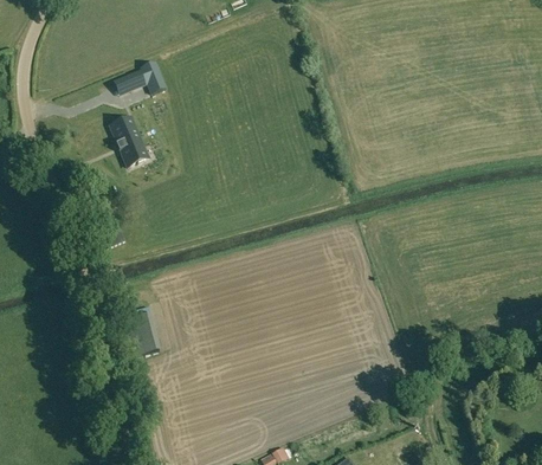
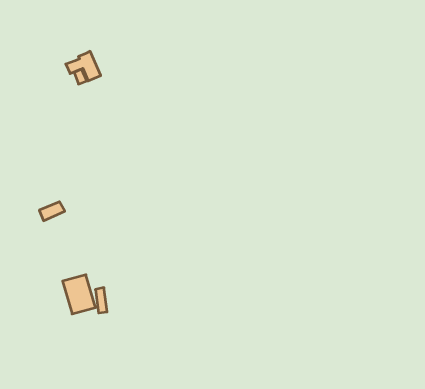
building: [109,117,144,168] -> none

